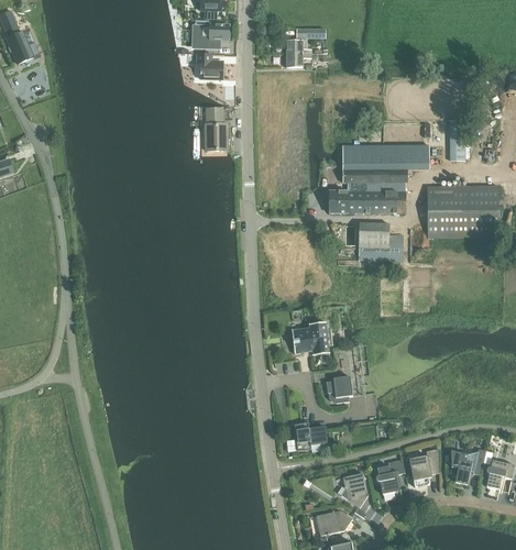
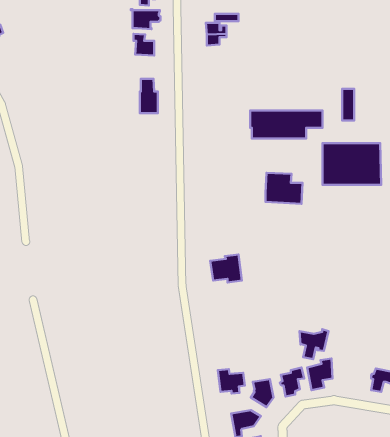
building: [329,180,405,212] -> none
building: [326,376,352,403] -> none
building: [294,422,327,452] -> [218,369,245,394]
building: [450,448,485,484] -> [300,329,328,359]

